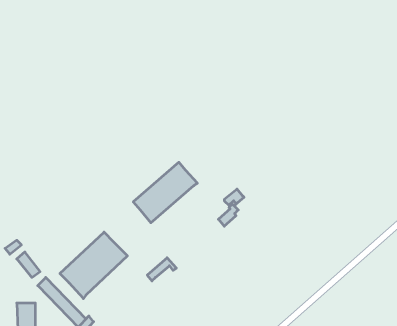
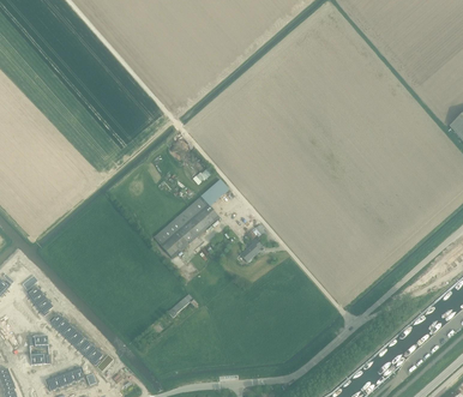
building: [60,232,127,299] -> none

